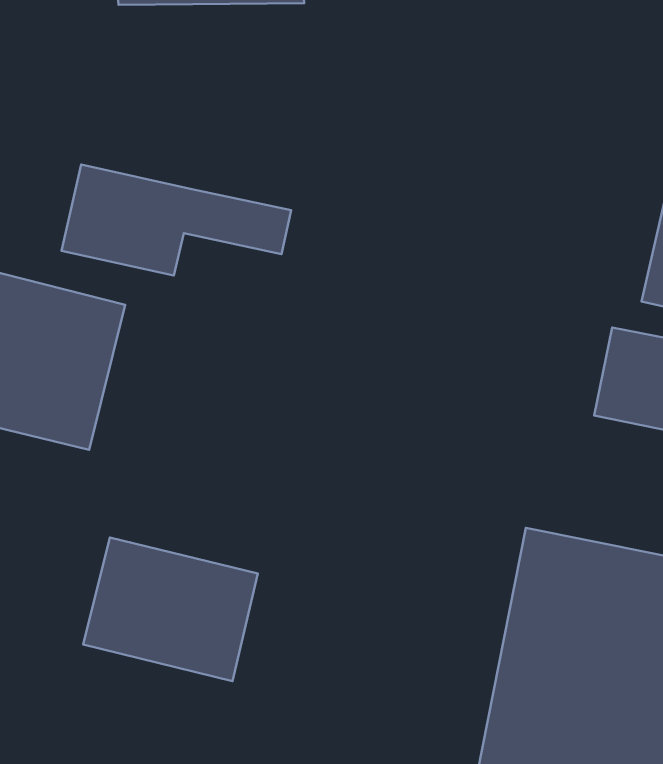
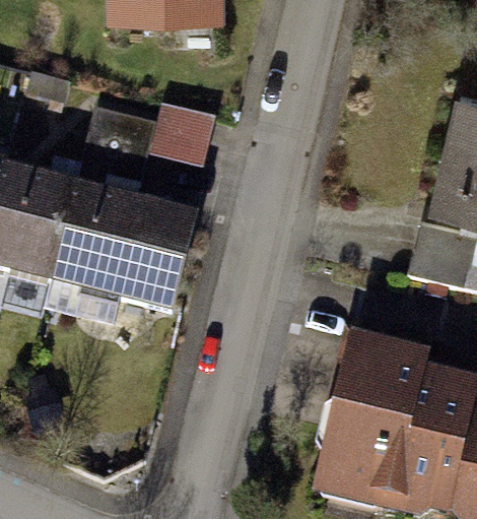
building: none -> [91,199,203,312]
building: [83,537,258,681] -> none

